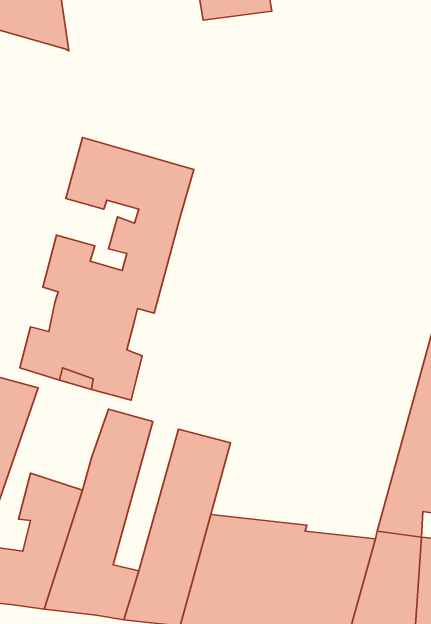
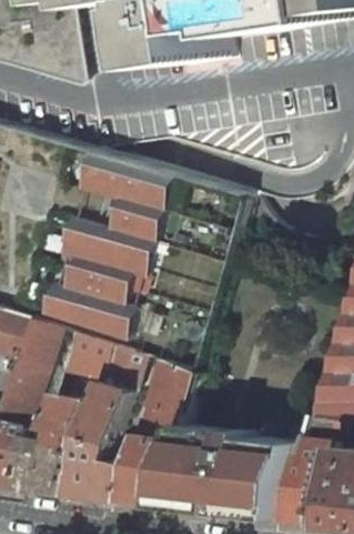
building: none -> [59,335,109,383]

